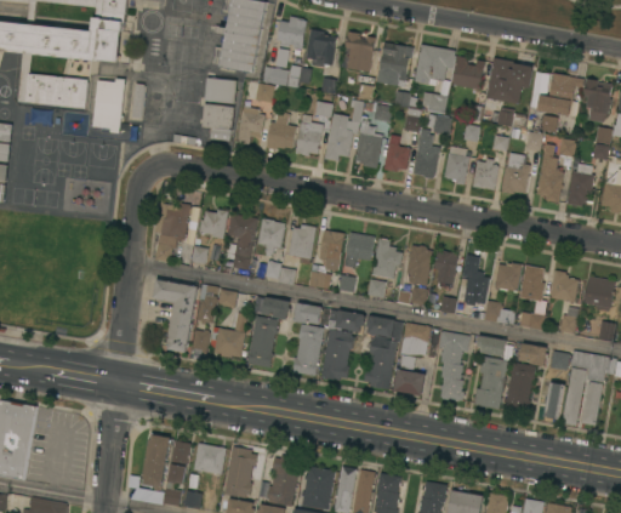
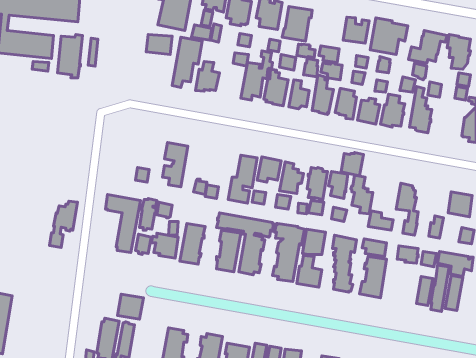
building: [415,44,456,85] -> none
building: [203,103,235,129] -> none
building: [296,114,324,155] -> none
building: [568,163,594,206] -> none
building: [155,203,190,261] -> [50,201,78,247]
building: [199,209,228,238] -> none
building: [258,217,285,253] -> none
building: [289,224,317,264] -> none
building: [495,262,523,291] -> [341,153,363,176]
building: [551,269,579,302] -> none
building: [255,297,290,319] -> none
building: [505,361,536,412] -> none
building: [194,443,227,474] -> [117,294,143,319]

